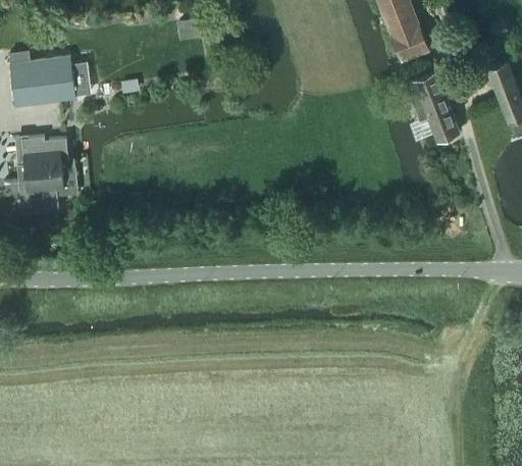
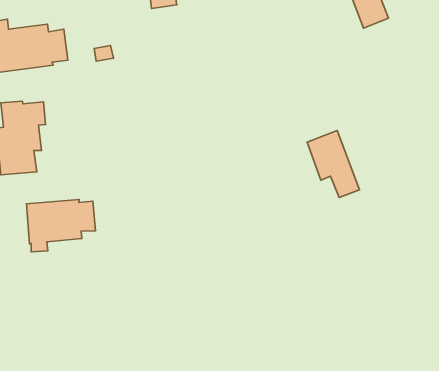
building: [404,69,459,140] -> [307,130,360,198]
building: none -> [26,200,95,252]

